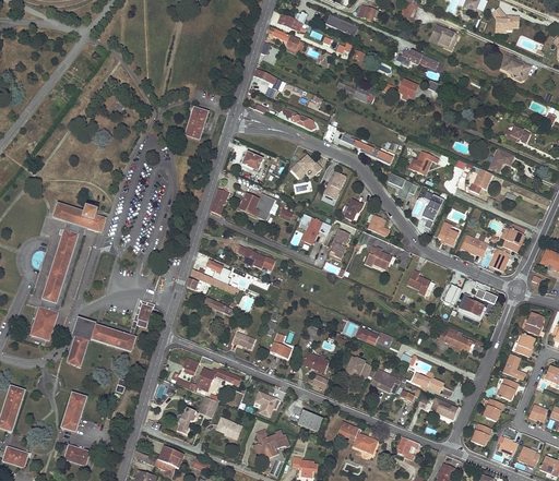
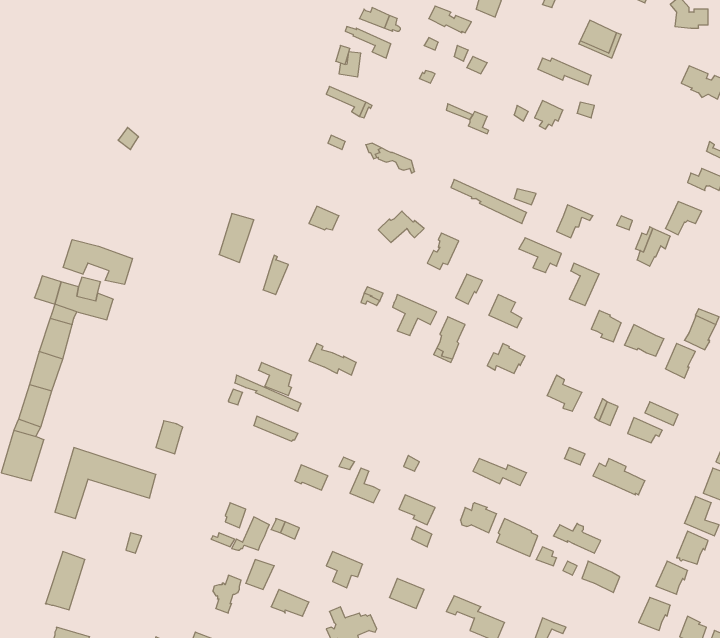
building: [183,106,207,140] -> [219,214,254,262]
building: none -> [63,240,132,284]
building: [239,192,274,219] -> none

